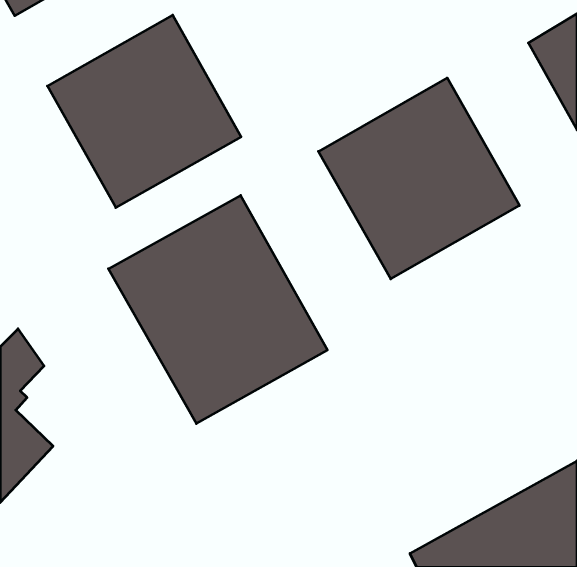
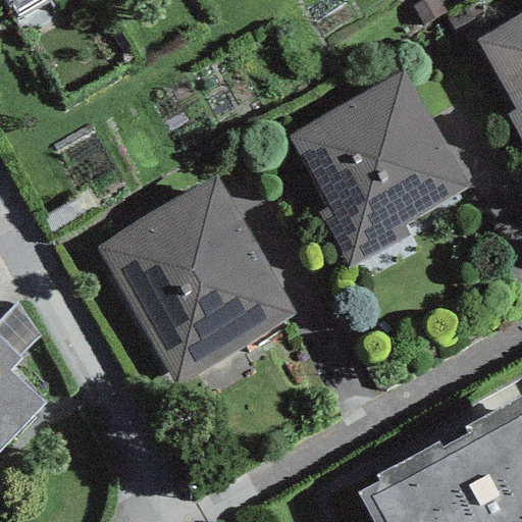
building: [47,15,241,208] -> none

